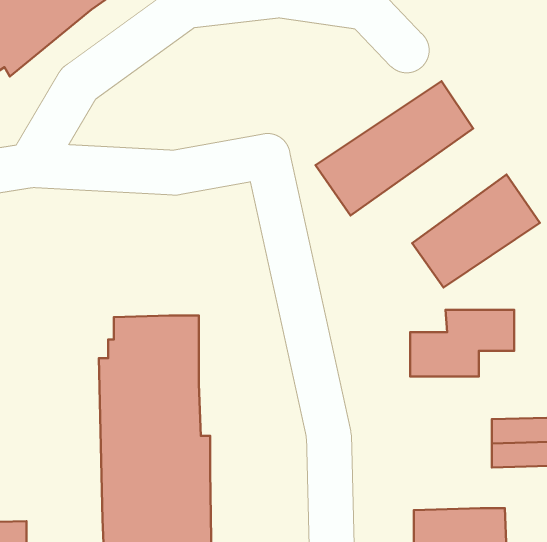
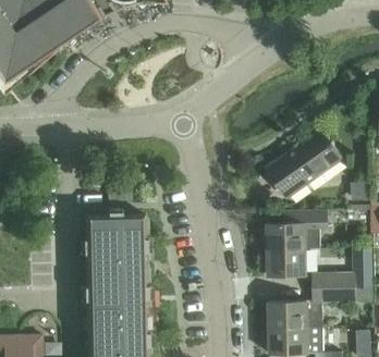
building: [316,81,473,215] -> none
building: none -> [267,249,308,276]
building: none -> [268,300,308,328]

